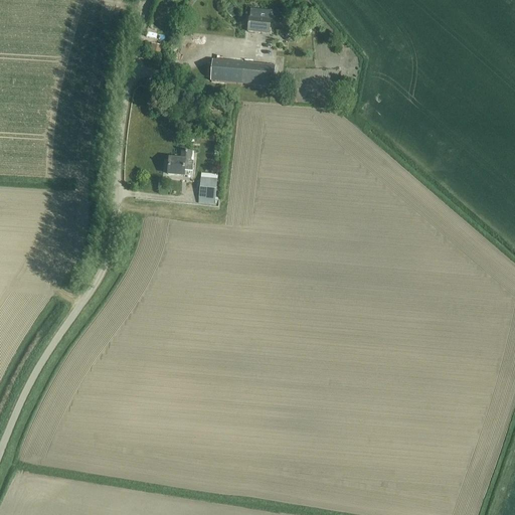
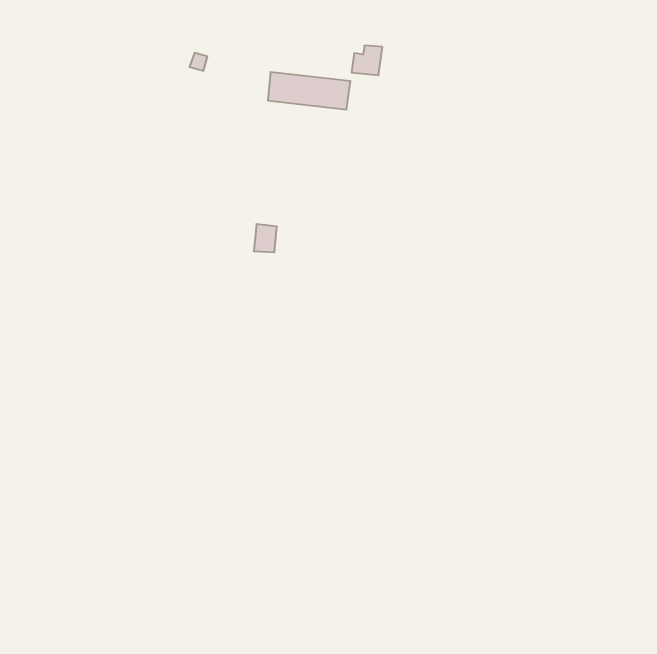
building: [246,7,271,30] -> [352,46,382,75]
building: [167,149,192,173] -> none

